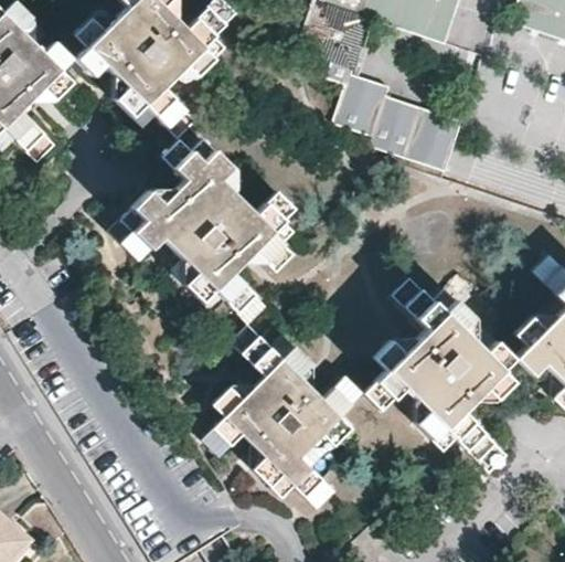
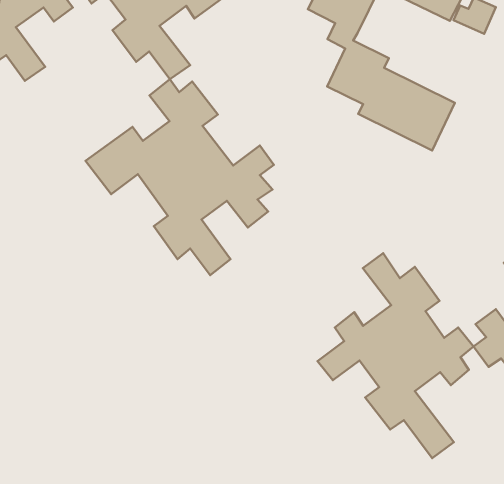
building: [202,325,364,507] -> none

